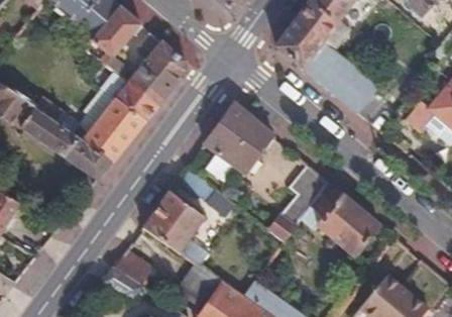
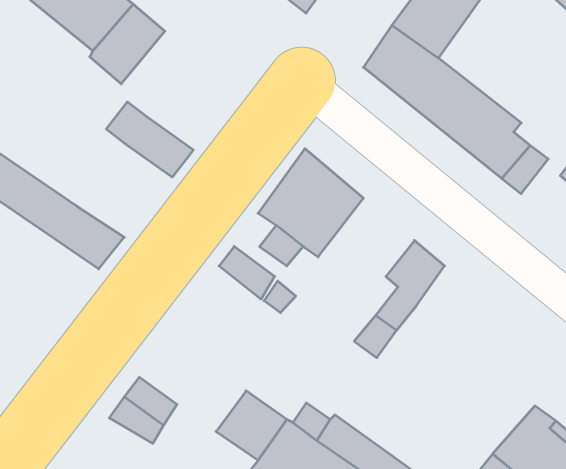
building: [129,29,187,102] -> none
building: [82,98,146,161] -> none
building: [310,180,380,254] -> none
building: [143,192,204,251] -> none

